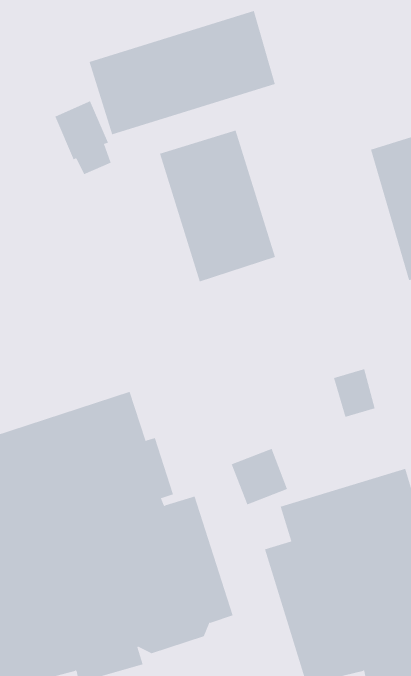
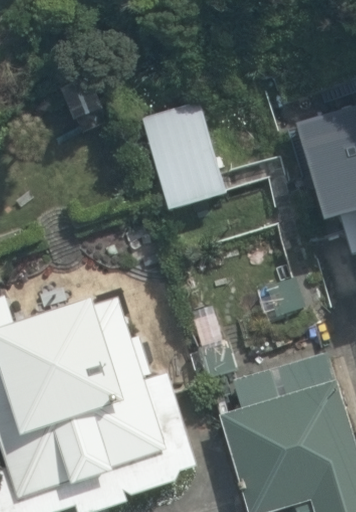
building: [89,10,276,135] -> none

